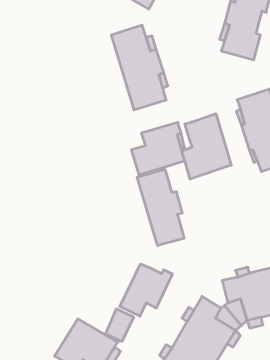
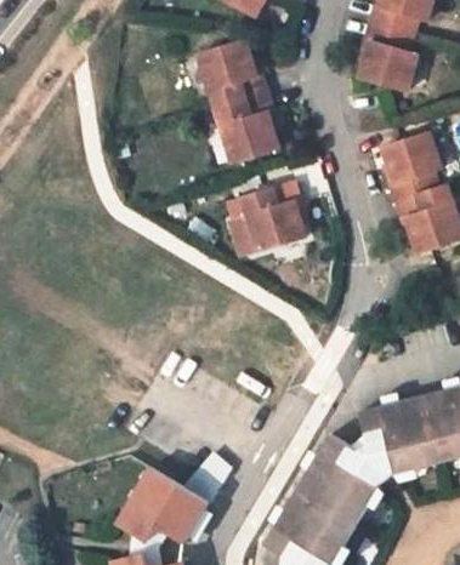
building: [182,114,231,179] -> none
building: [137,169,184,246] -> none
building: [120,264,172,316] -> none

